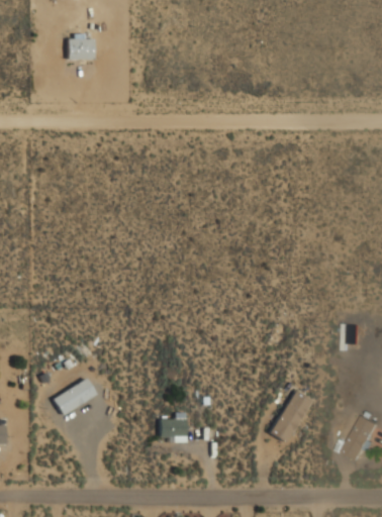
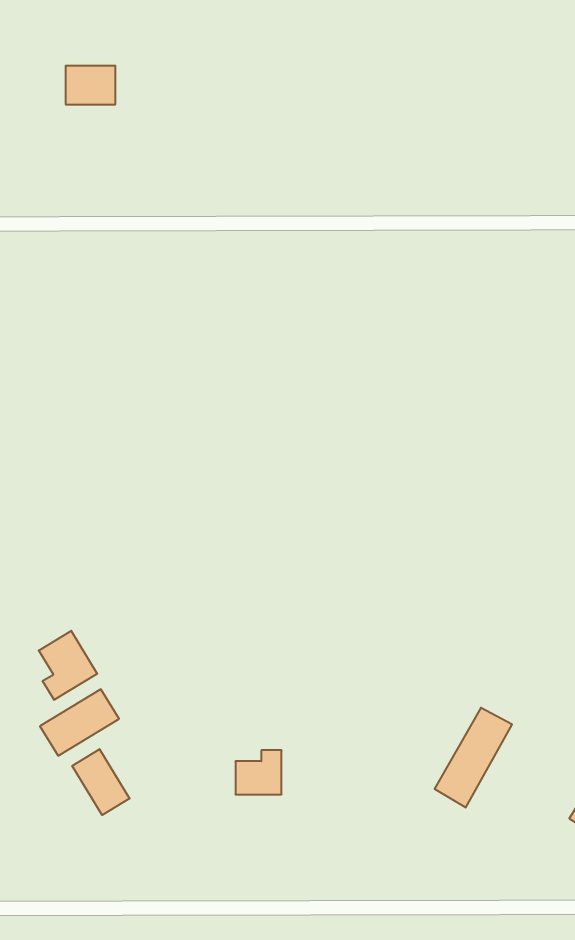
building: none -> [39,631,97,700]
building: none -> [72,749,130,815]

